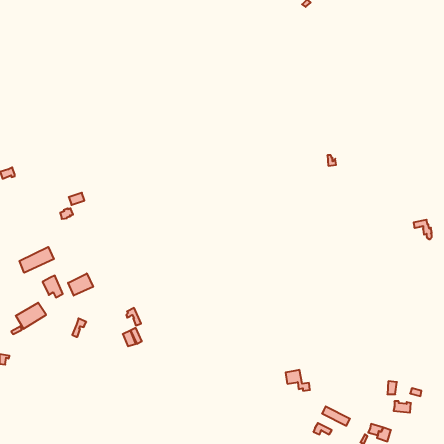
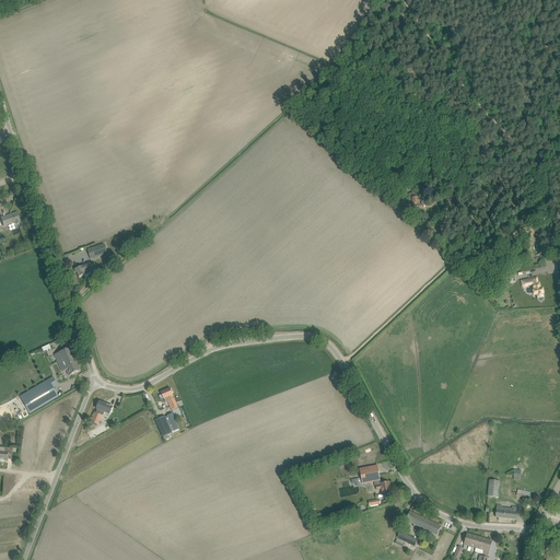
building: [19,247,54,273] -> none
building: [68,273,93,296] -> none

